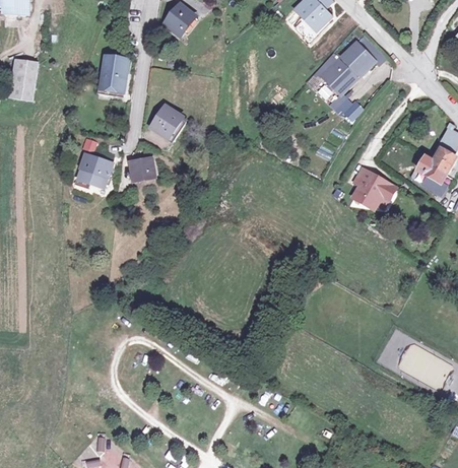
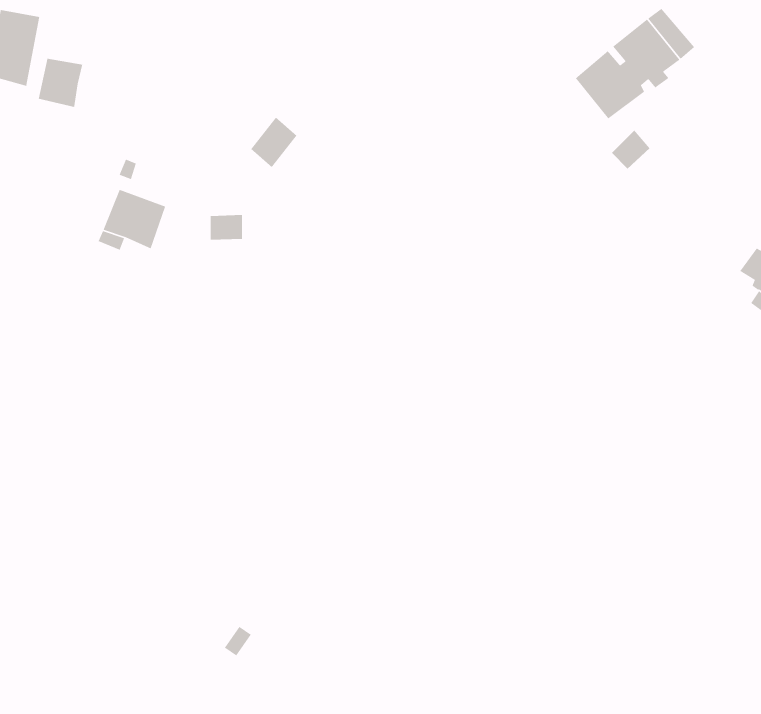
building: [99,59,125,93] -> none
building: none -> [38,58,83,108]
building: [351,169,395,206] -> none

